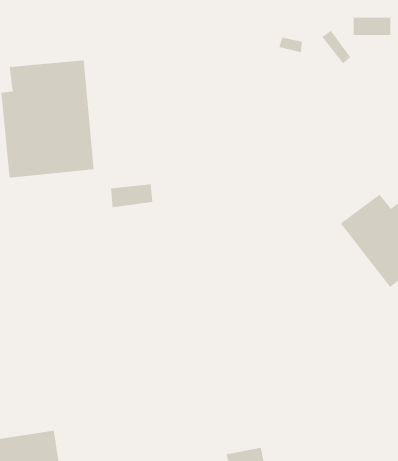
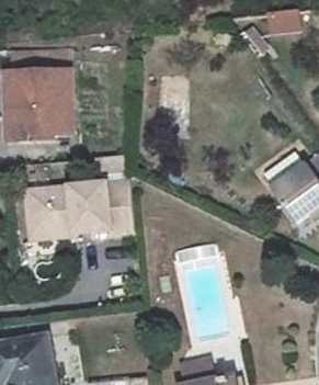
building: none -> [22,177,128,234]

